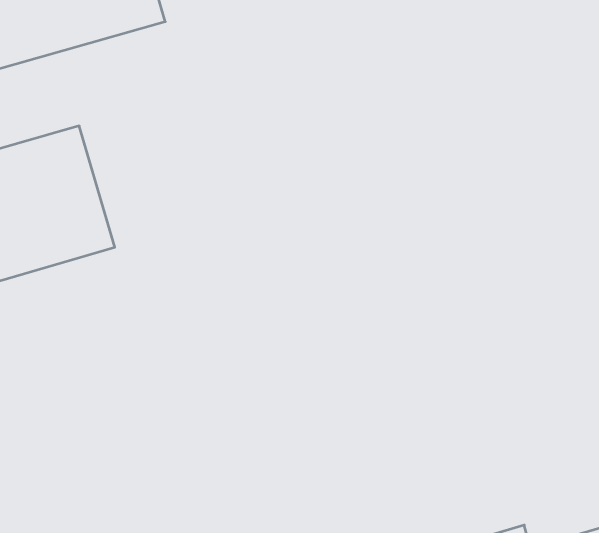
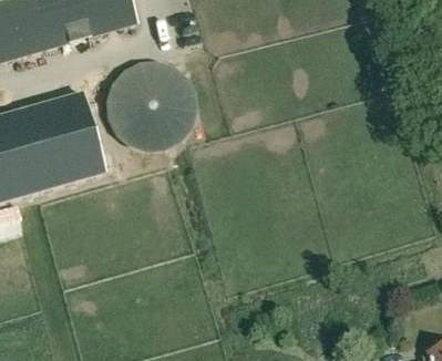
building: none -> [109,64,192,147]

